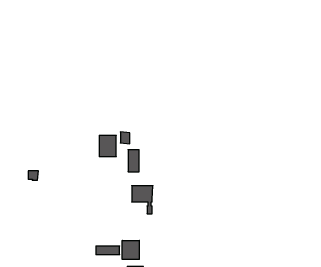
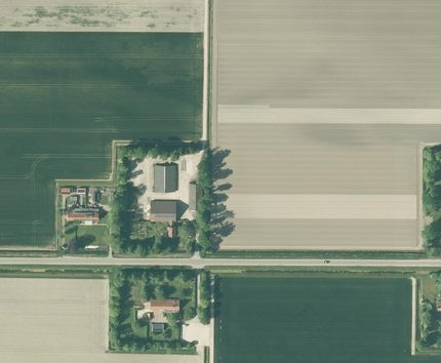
building: [132,186,153,214] -> [150,201,175,235]
building: [122,240,139,259] -> none

